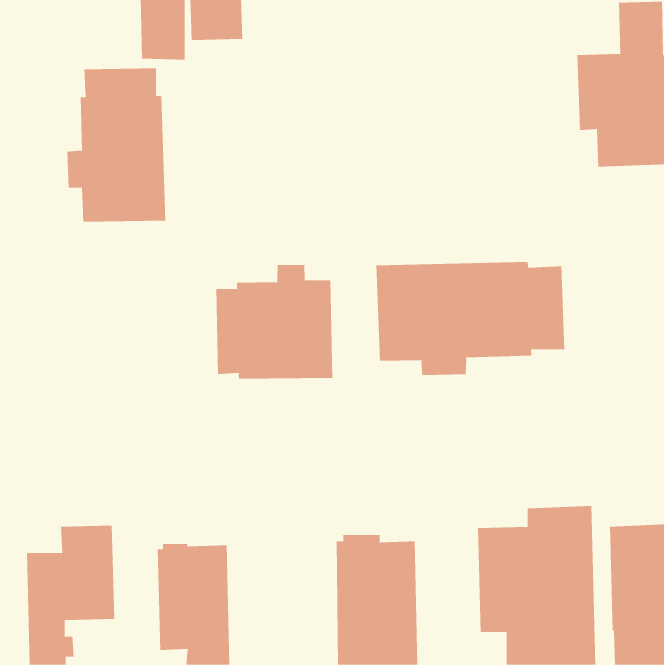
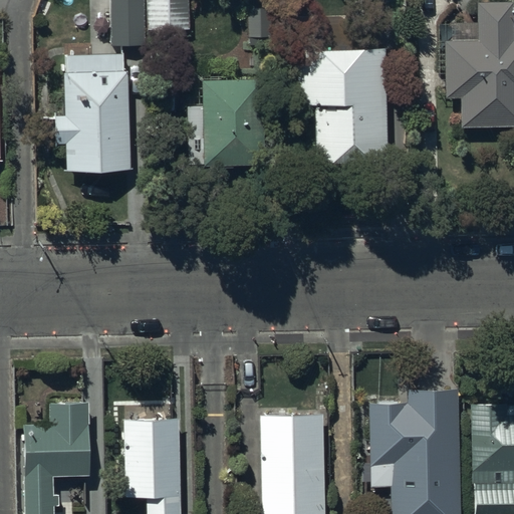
building: none -> [297,50,387,165]
building: none -> [188,76,265,170]
building: [376,261,565,376] -> none
building: [216,264,333,380] -> none

